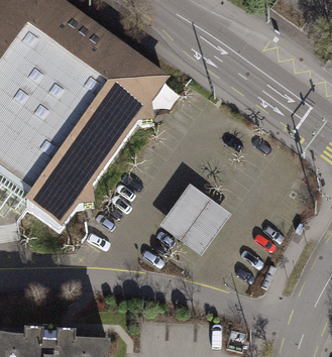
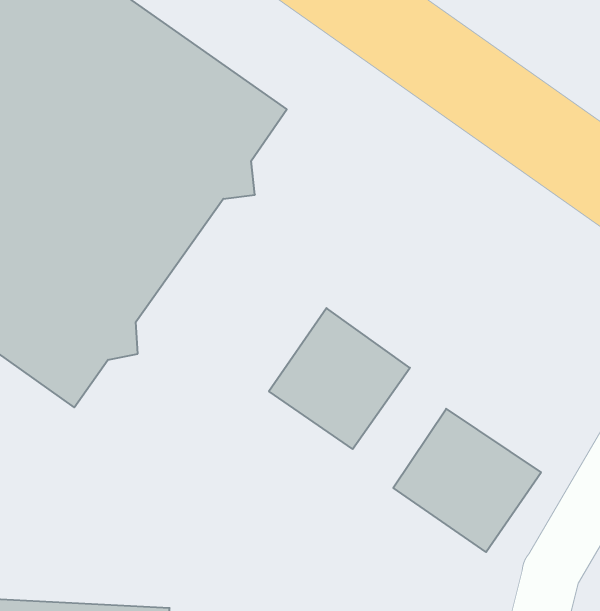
building: none -> [393,409,541,552]

